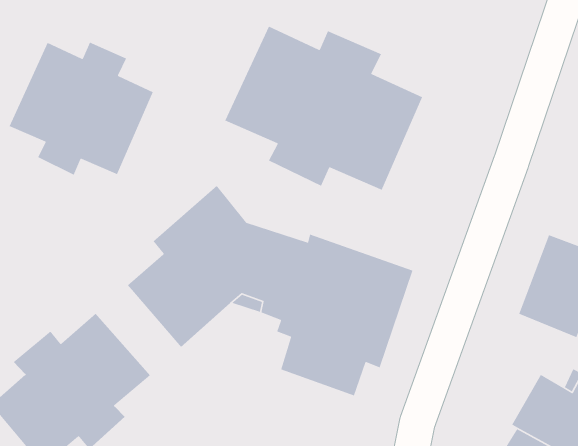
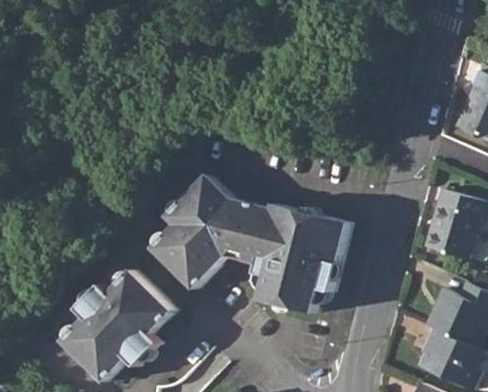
building: [224,26,423,191] -> none
building: [8,42,154,176] -> none

